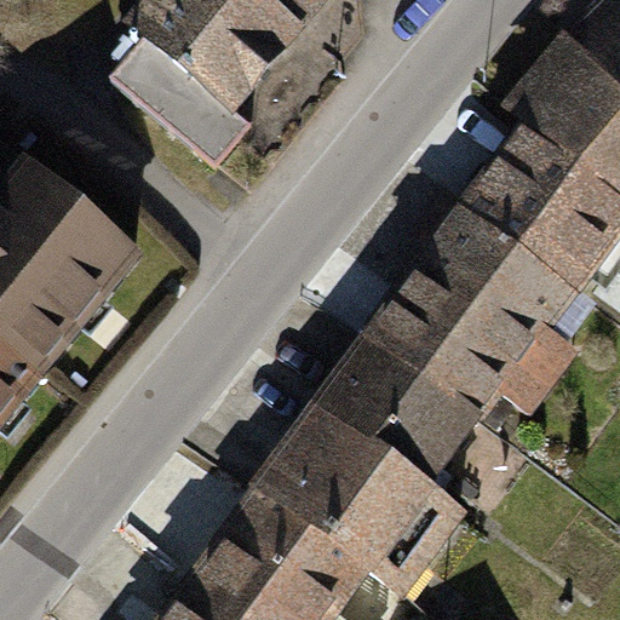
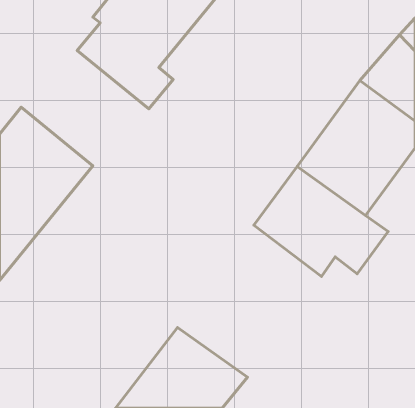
building: [264,335,478,575] -> none

